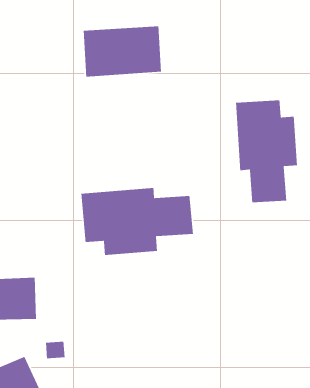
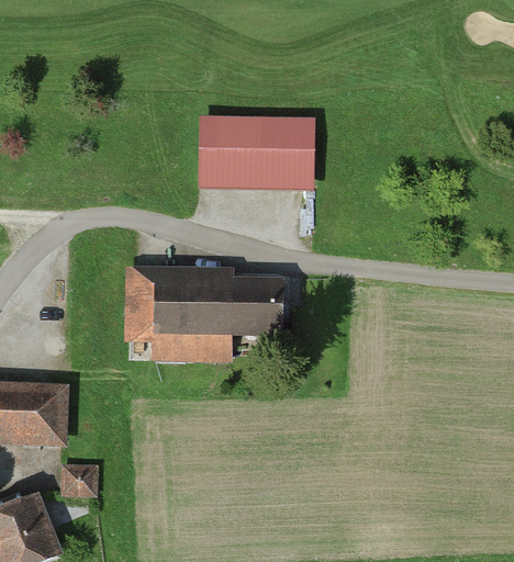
building: [83,26,162,78] -> [204,124,310,189]
building: [235,100,298,203] -> none

